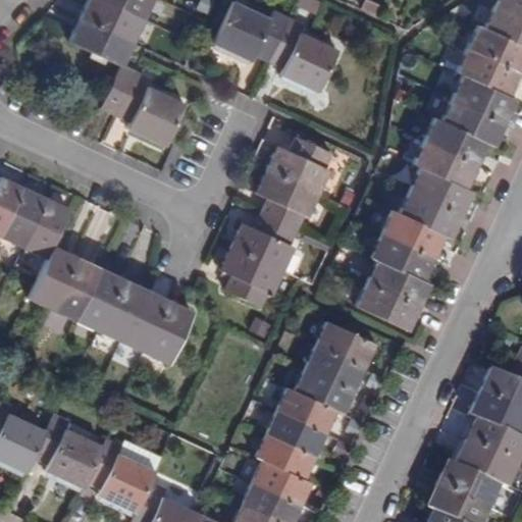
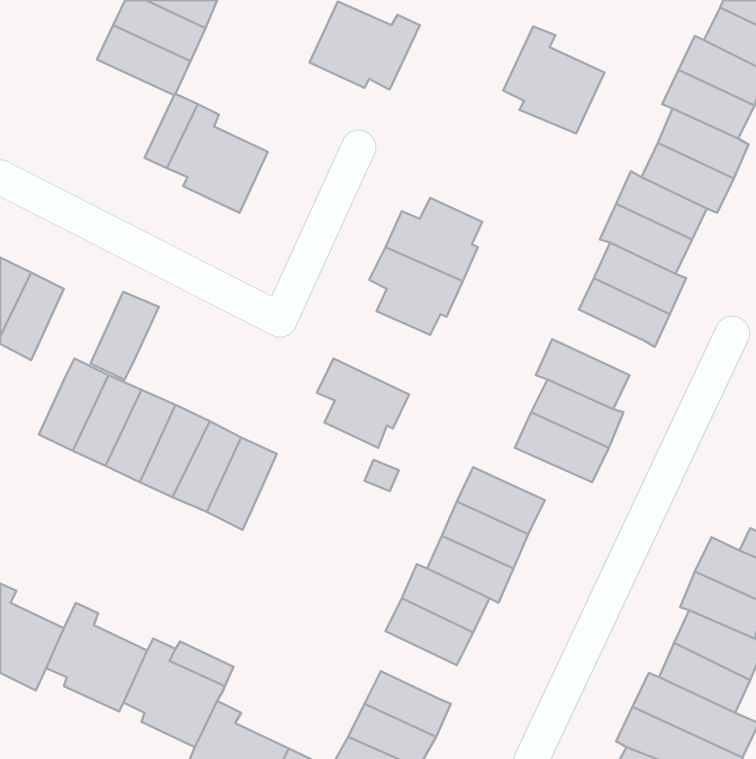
building: [270,18,340,92] -> [503,26,604,134]
building: [24,199,71,259] -> [90,292,159,380]
building: [381,210,445,258] -> none
building: [231,214,298,271] -> none
building: [256,433,316,480] -> none

